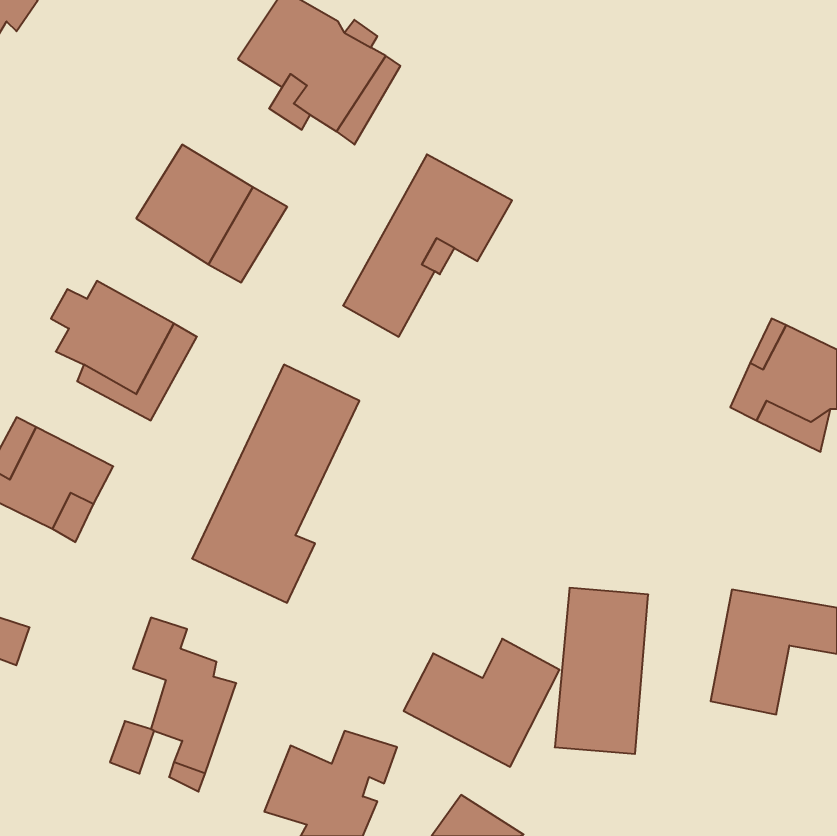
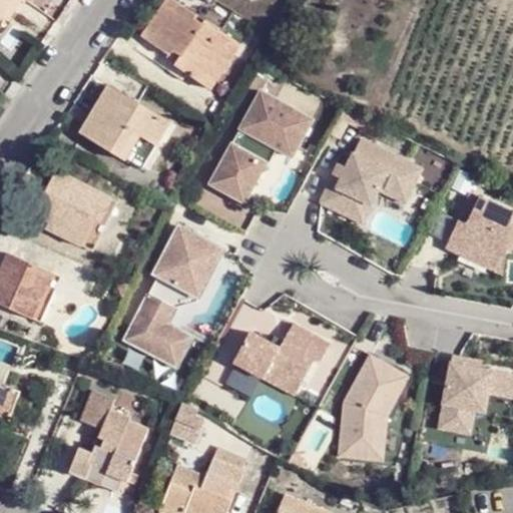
building: none -> [320,141,423,225]
building: [404,639,560,767] -> [229,320,325,398]
building: none -> [168,406,201,442]

